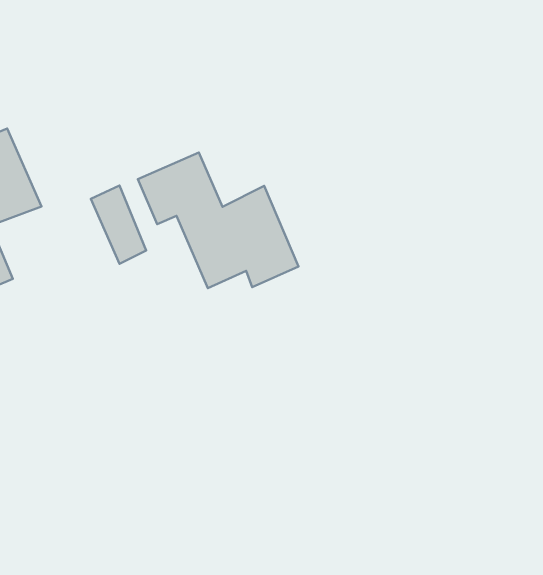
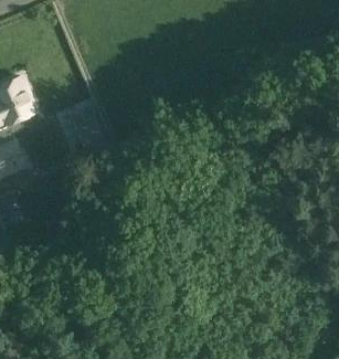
building: [138,152,298,288] -> none

